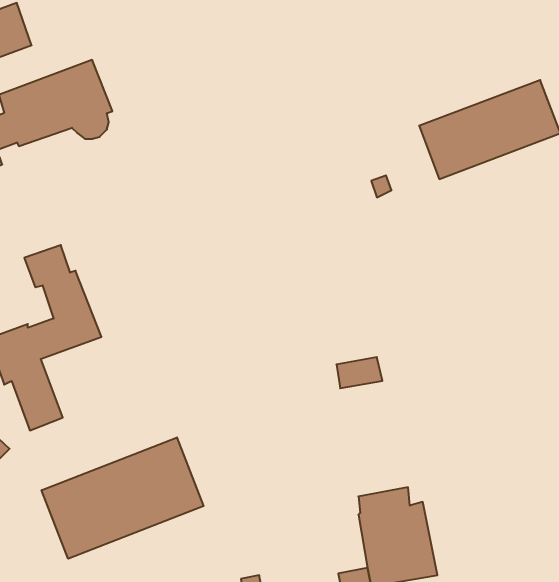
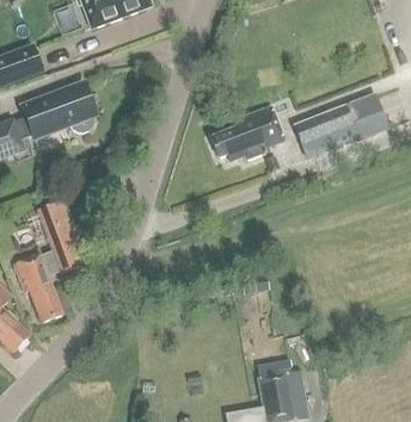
building: none -> [210,106,281,161]
building: [42,437,204,559] -> none

